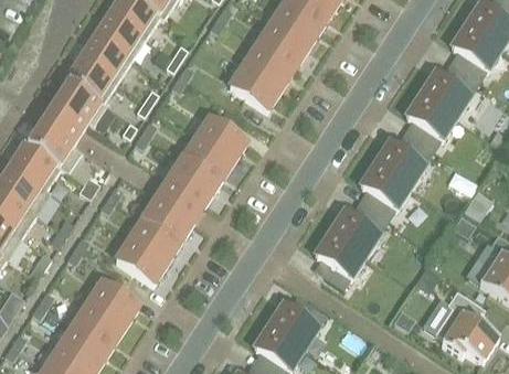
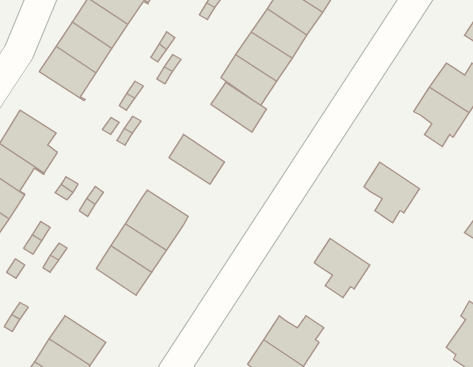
building: [46,78,105,135] -> none
building: [195,116,246,161] -> [211,82,267,132]
building: [374,140,430,185] -> none
building: [162,157,220,211] -> none
building: [329,209,383,255] -> none
building: [87,279,139,325] -> none

